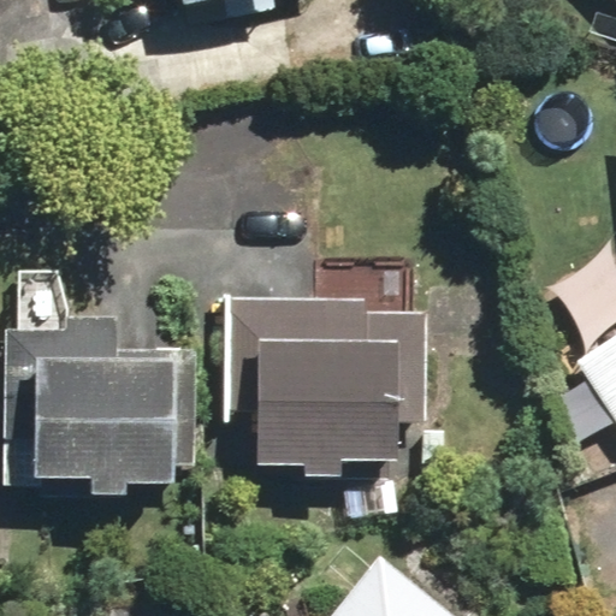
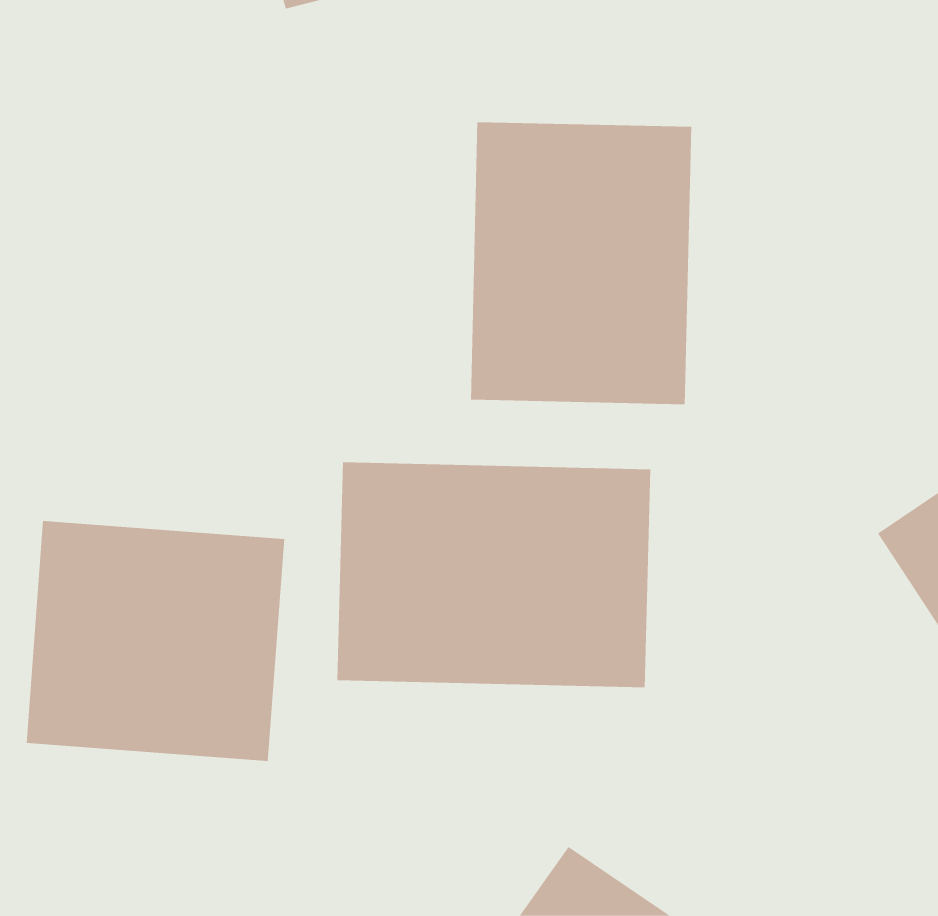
building: none -> [470,121,692,405]

